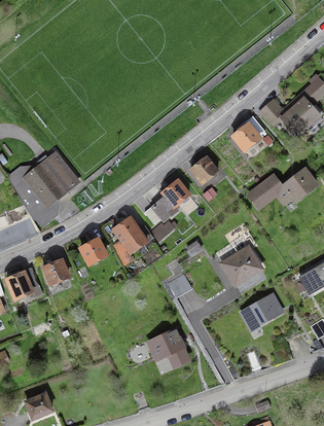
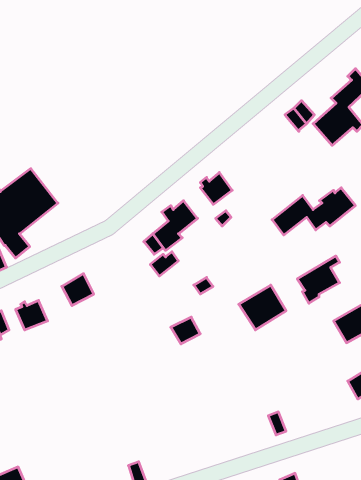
building: [232,119,265,149] -> none
building: [113,217,153,252] -> none
building: [242,292,276,330] -> [297,256,340,303]
building: [149,328,188,365] -> none

